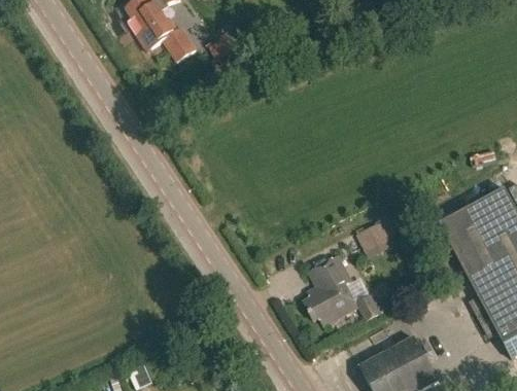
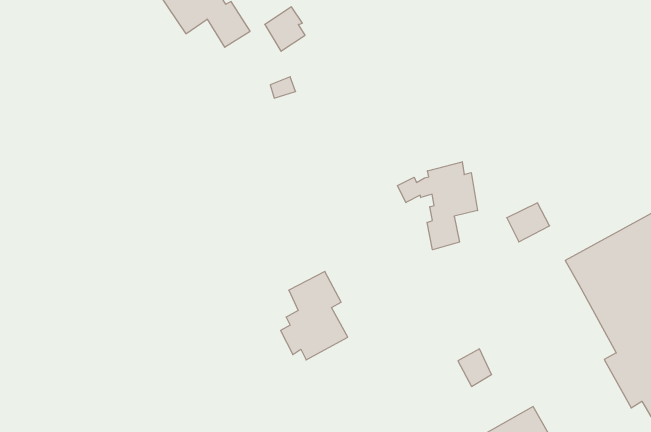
building: none -> [397,162,478,250]
building: [356,220,389,250] -> [507,203,550,242]
building: [304,256,355,324] -> [281,271,348,360]

